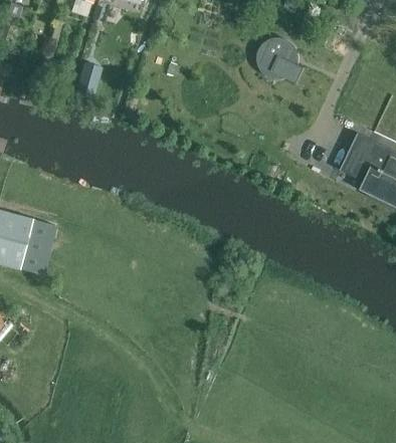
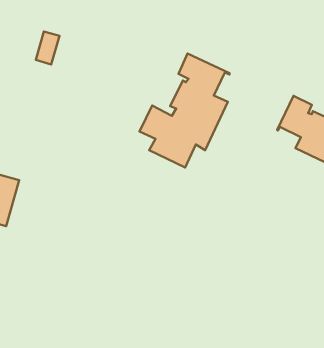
building: [256,40,294,78] -> none
building: none -> [139,54,230,167]

